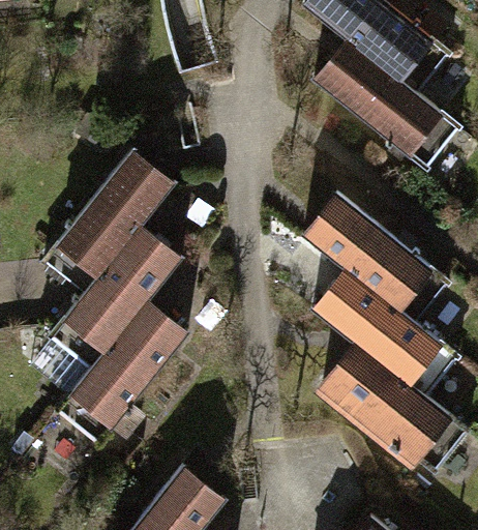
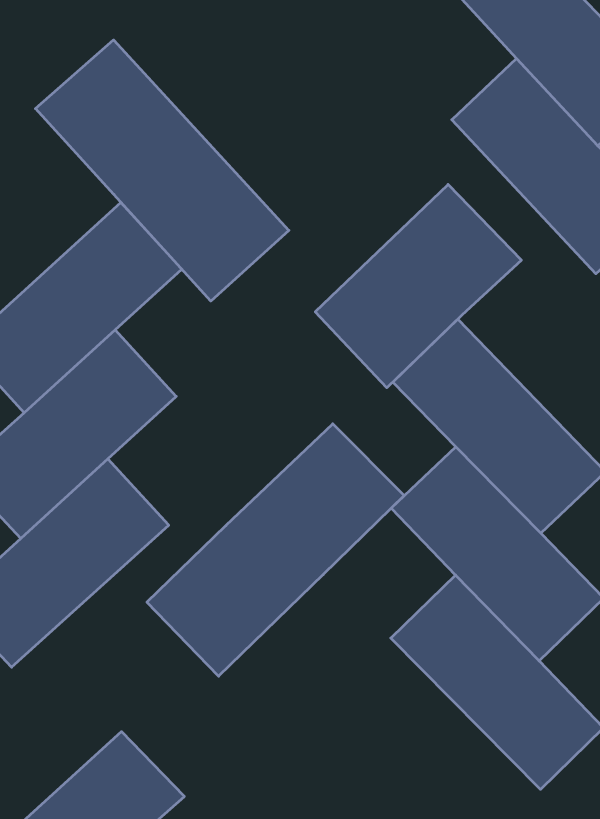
building: none -> [35,40,289,301]
building: none -> [315,184,521,388]
building: none -> [147,424,404,676]

